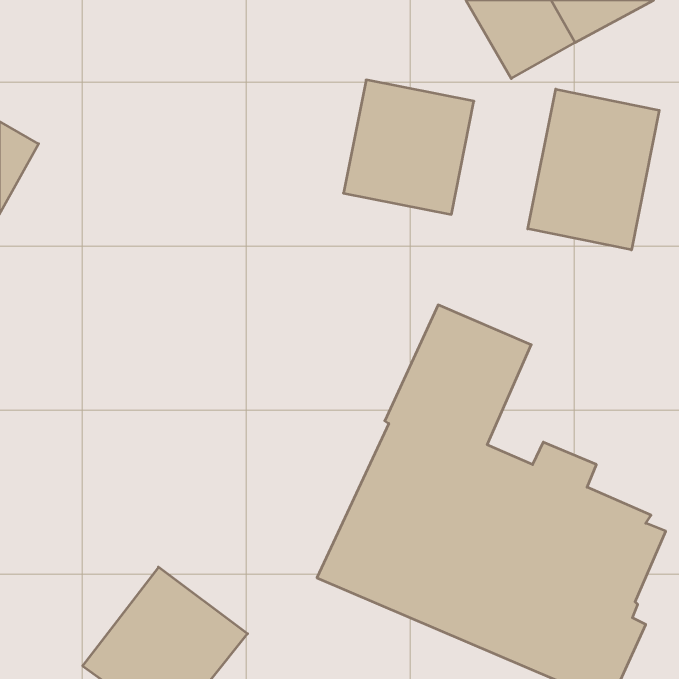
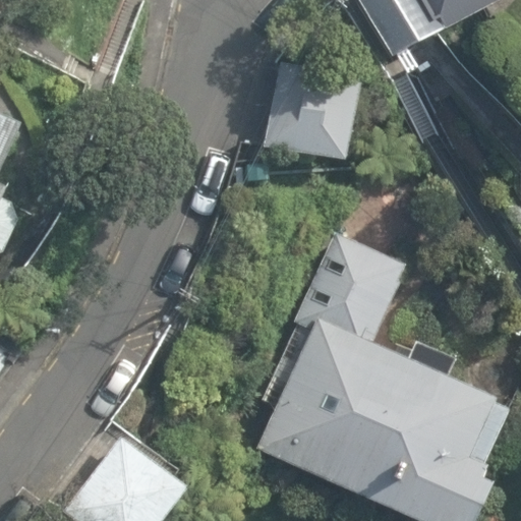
building: [528,89,659,250] -> none

